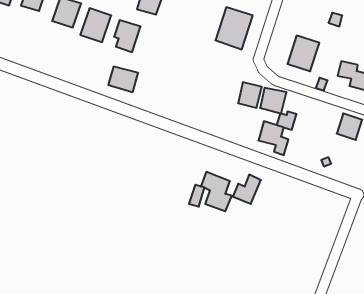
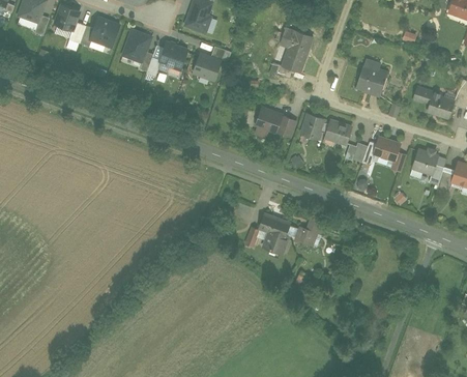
building: [108,67,138,92] -> [191,53,225,82]
building: none -> [251,105,296,139]
building: [258,121,288,155] -> [372,134,406,172]

